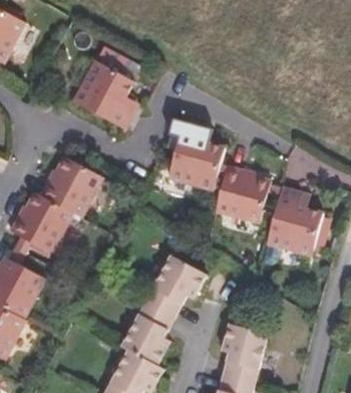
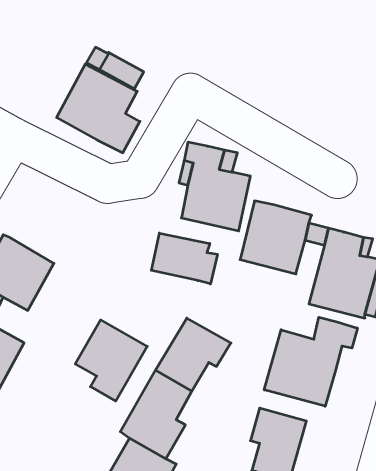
building: [36,156,100,218] -> none
building: none -> [151,233,217,284]
building: none -> [264,317,357,406]
building: none -> [75,320,147,401]

